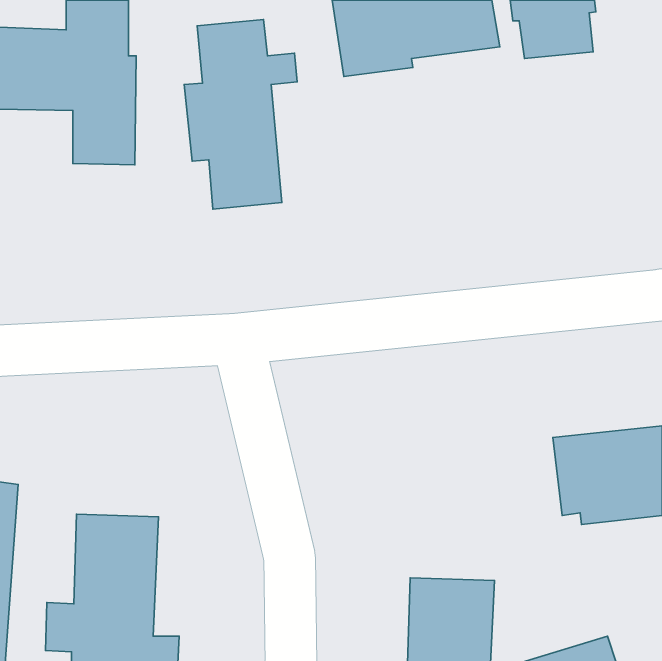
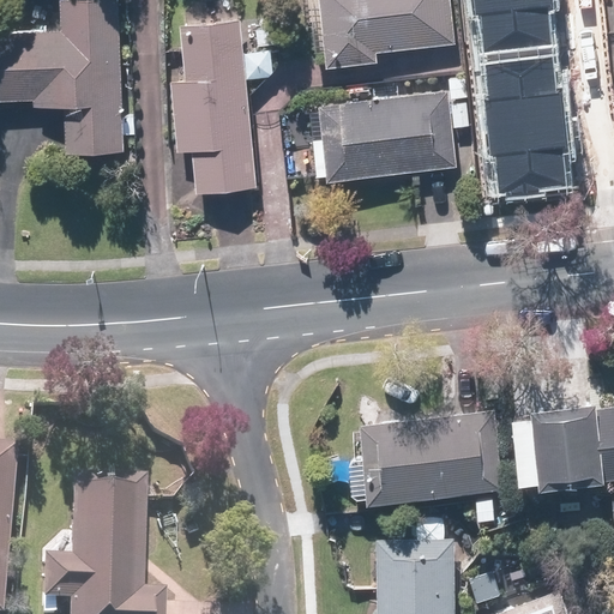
building: none -> [484,61,566,193]
building: none -> [311,78,470,185]
building: none -> [345,410,504,499]

